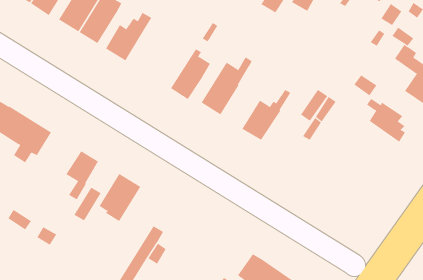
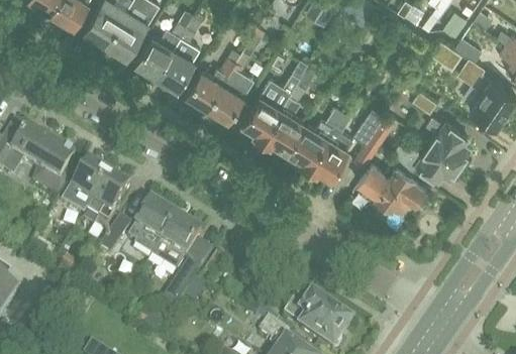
building: none -> [159,16,203,88]
building: none -> [186,52,239,106]
building: none -> [265,82,308,151]
building: none -> [310,111,353,178]
building: none -> [392,142,465,180]
building: none -> [60,162,108,210]
building: none -> [358,162,425,213]
building: none -> [151,216,201,271]

